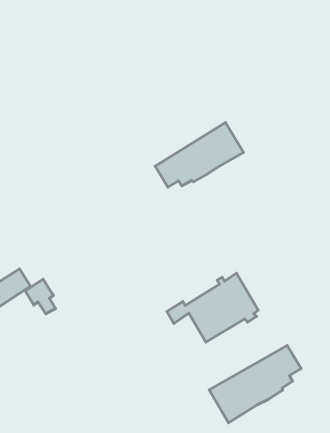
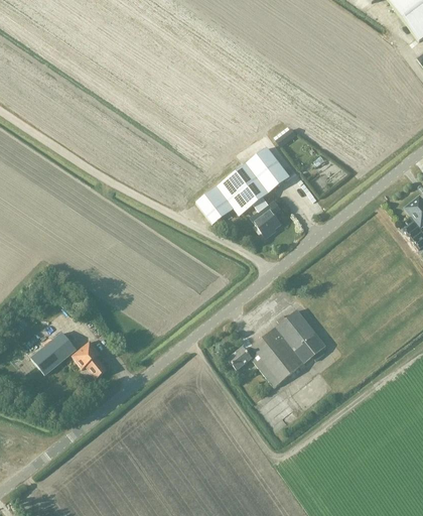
building: none -> [250,197,281,238]
building: [209,345,301,423] -> none

